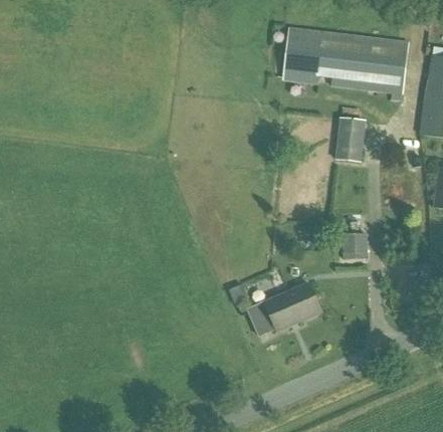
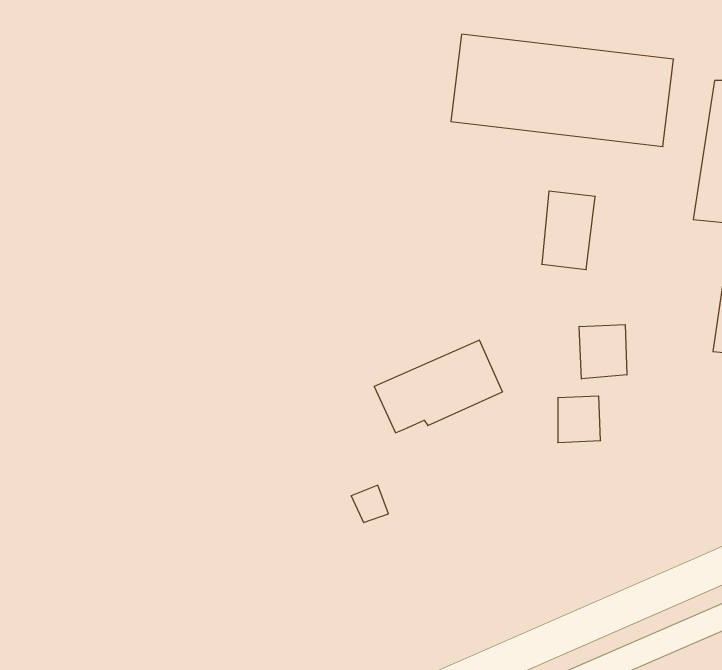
building: none -> [579,325,627,379]
building: [248,281,320,334] -> [374,340,503,433]

